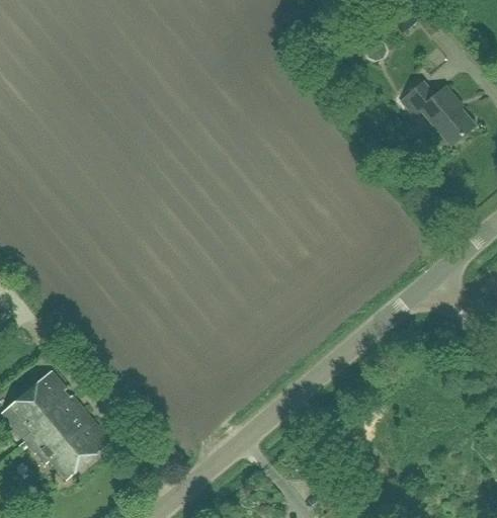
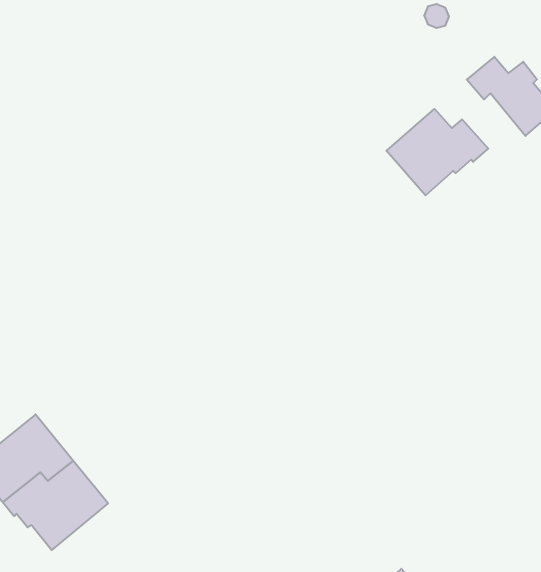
building: none -> [386,109,488,195]

